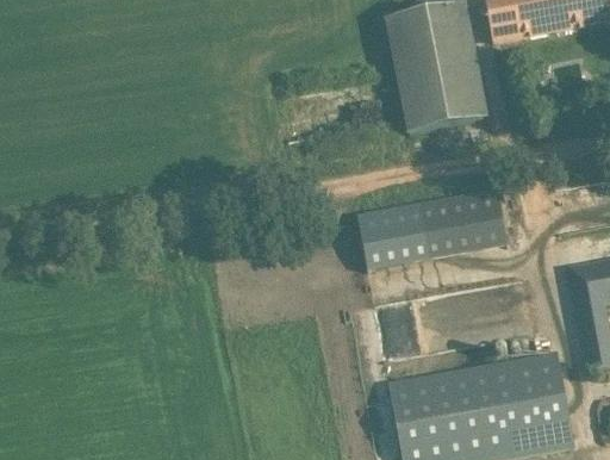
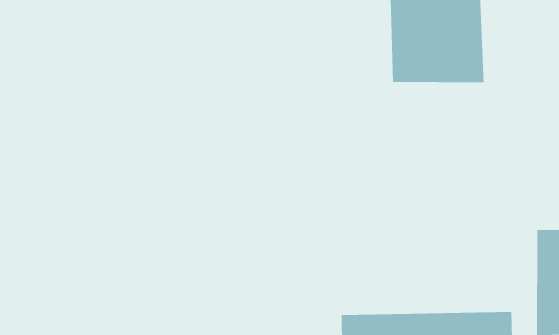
building: [359,186,510,271] -> none

